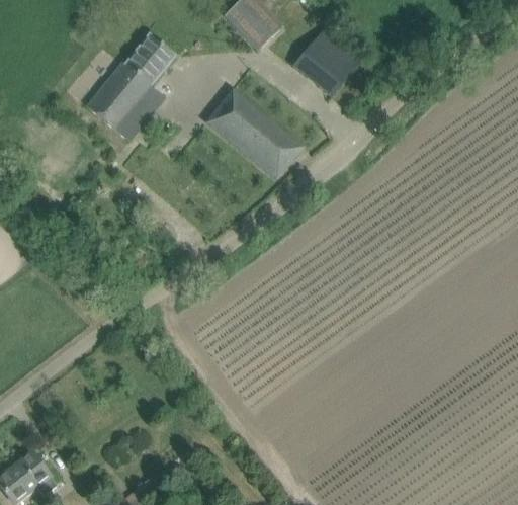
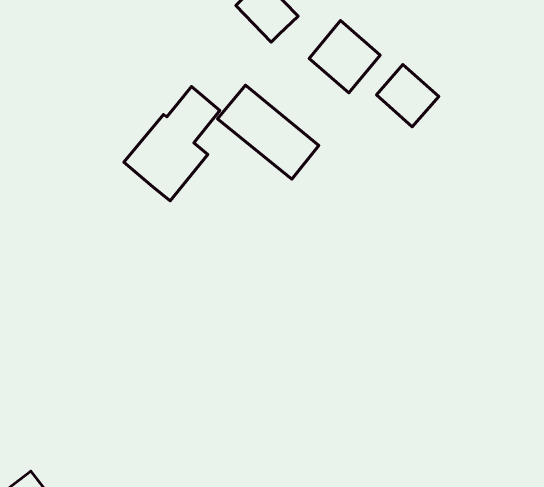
building: [86,32,176,140] -> [124,87,220,201]
building: none -> [377,64,439,127]

